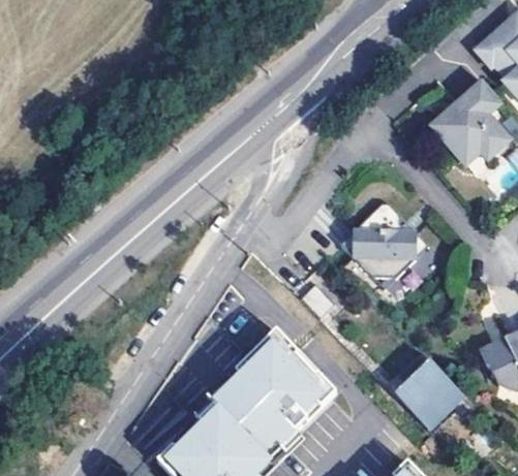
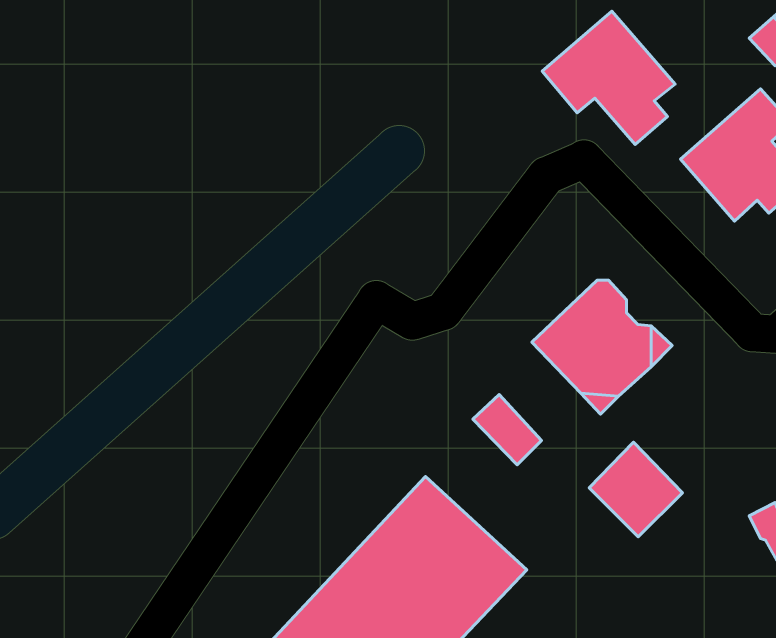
building: none -> [542,11,675,145]
building: [402,367,461,426] -> [589,442,682,537]

